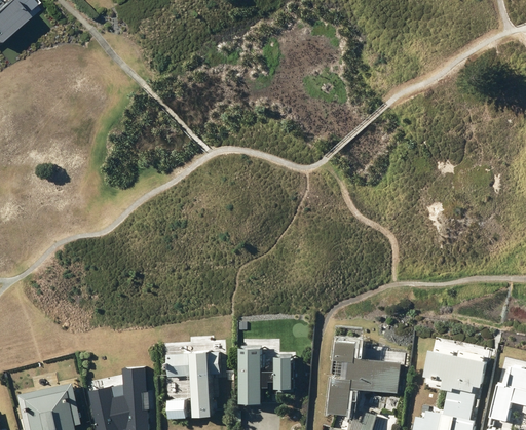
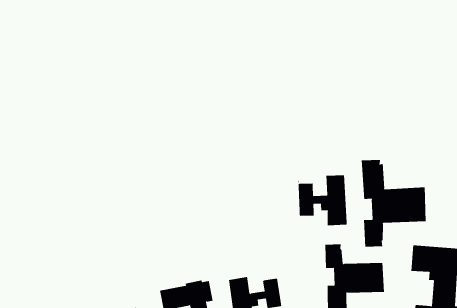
building: none -> [361,159,426,248]
building: none -> [298,174,348,230]

